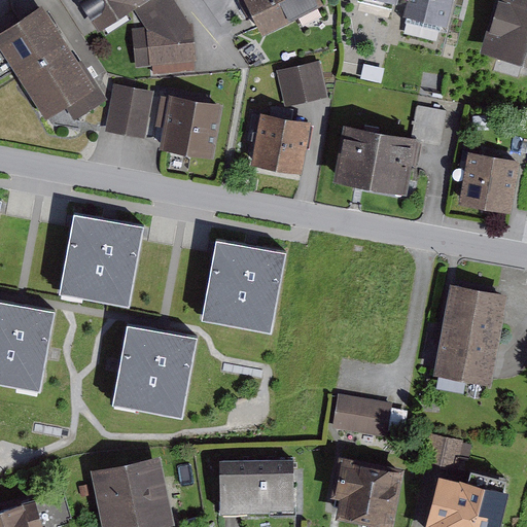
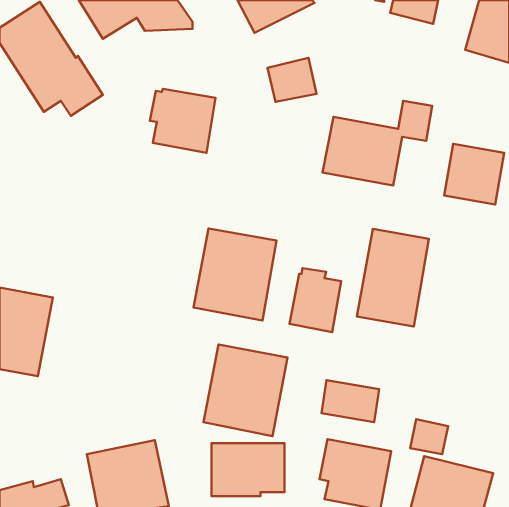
building: [137,33,202,81] -> none
building: [104,85,153,141] -> none
building: [250,113,310,175] -> none
building: [59,212,144,307] -> none
building: none -> [290,268,341,332]
building: [433,284,507,385] -> [357,229,429,327]
building: [111,323,198,418] -> [204,344,287,436]

